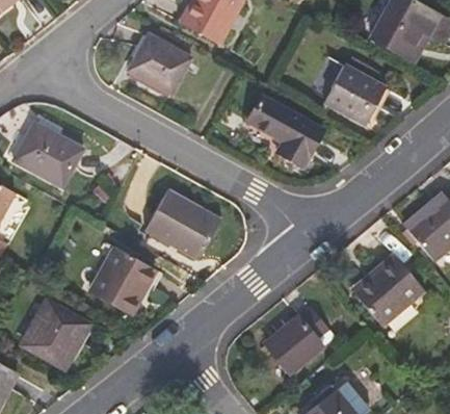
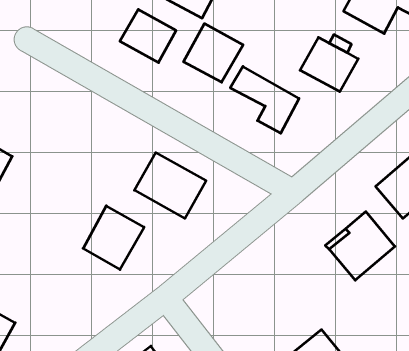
building: none -> [184,24,243,82]
building: [15,123,82,186] -> none
building: [21,297,91,371] -> none
building: [266,308,336,374] -> none

